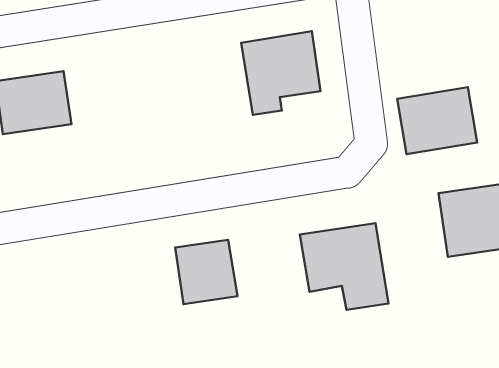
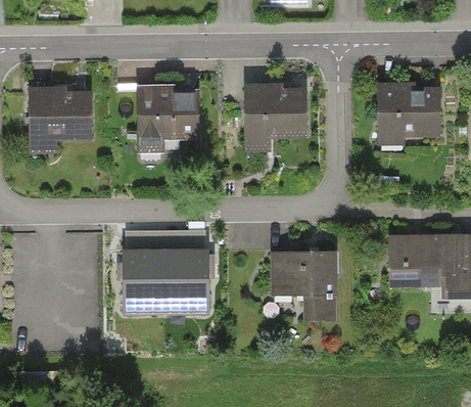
building: none -> [137,86,198,150]
building: [397,87,477,154] -> [383,83,444,131]
building: none -> [127,248,164,298]

